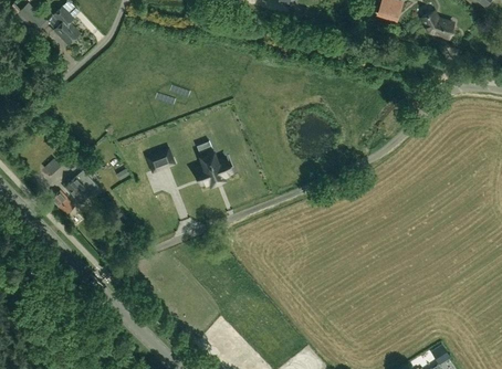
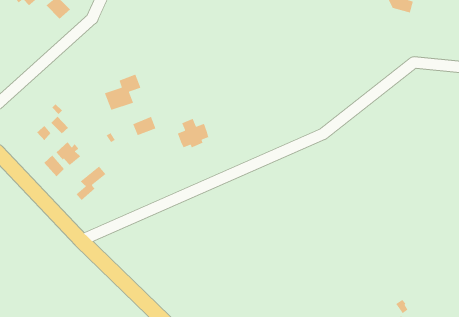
building: none -> [104,74,141,111]
building: none -> [75,165,107,201]

